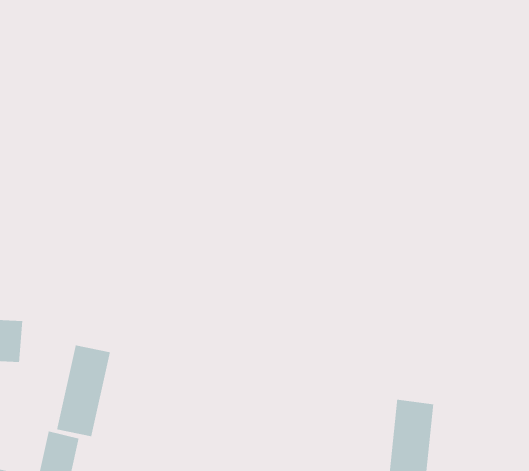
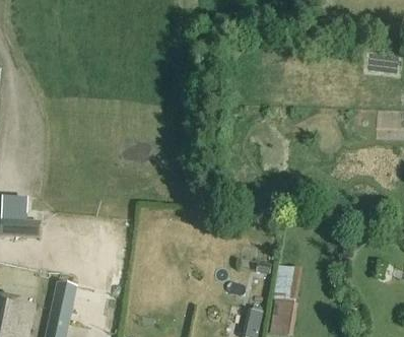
building: [56,345,111,437] -> none

